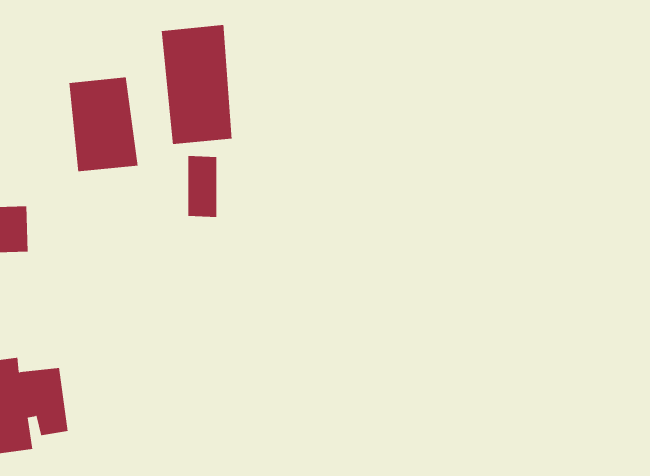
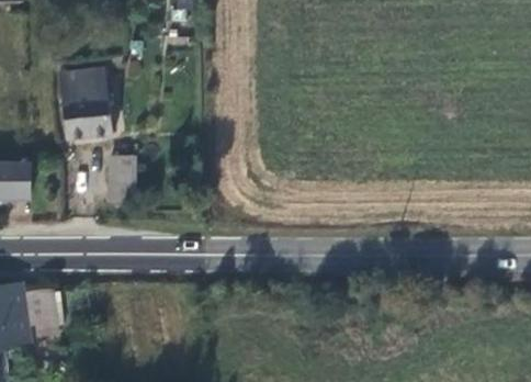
building: [161,24,232,145] -> none
building: [188,155,217,218] -> [110,156,132,202]

